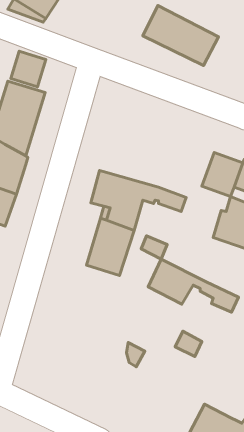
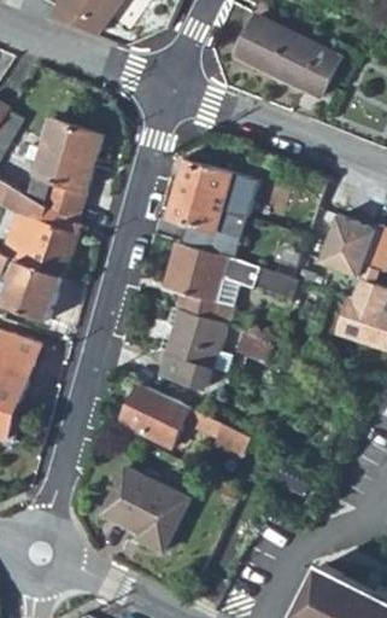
building: [11,51,46,87] -> none
building: none -> [170,159,263,264]
building: [148,259,238,312] -> [122,384,247,457]
building: none -> [102,466,190,550]

